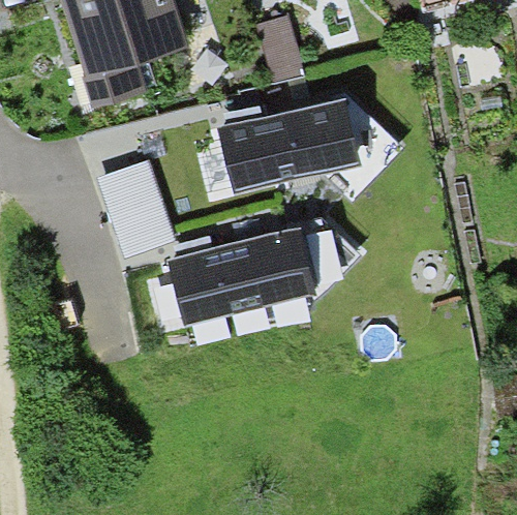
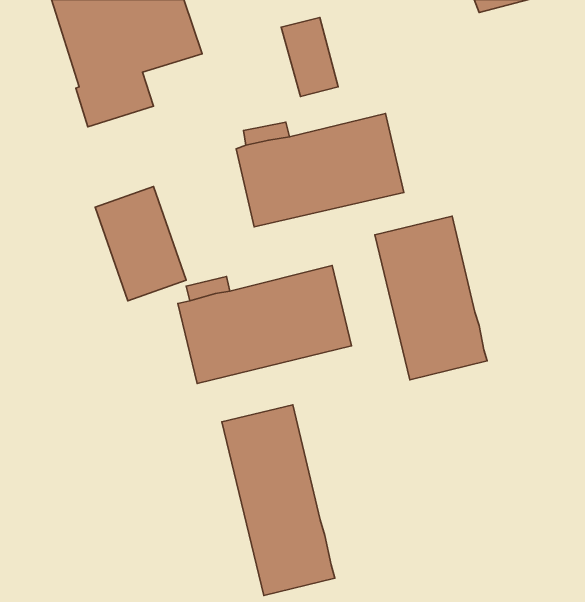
building: none -> [375,216,487,380]
building: none -> [222,405,335,595]

